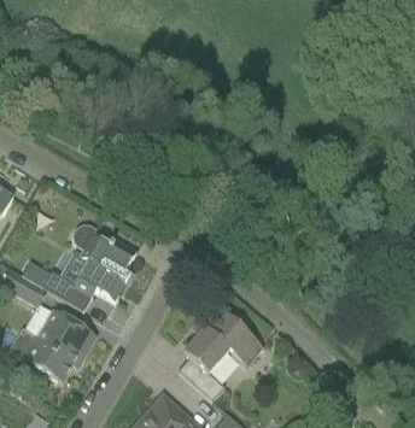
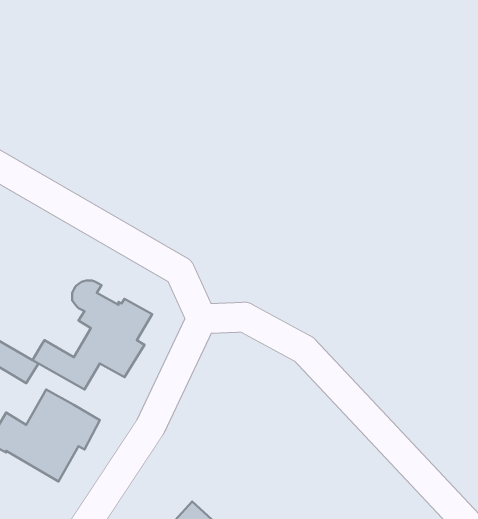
building: [177,300,264,399] -> none

